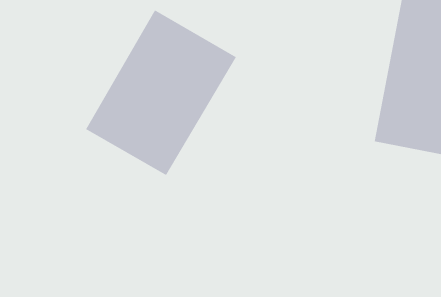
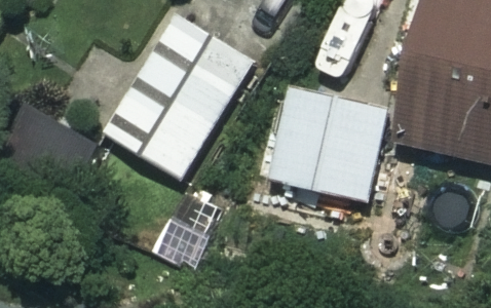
building: none -> [274,88,386,201]

